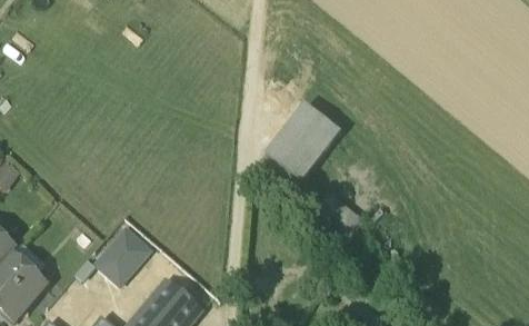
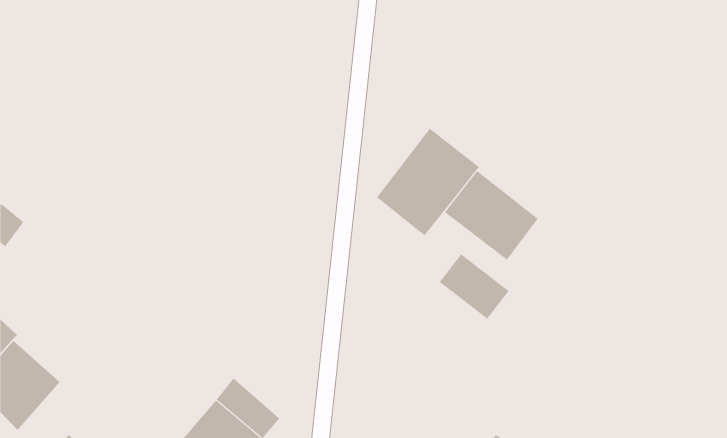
building: none -> [444,170,538,260]
building: [96,229,149,284] -> none

